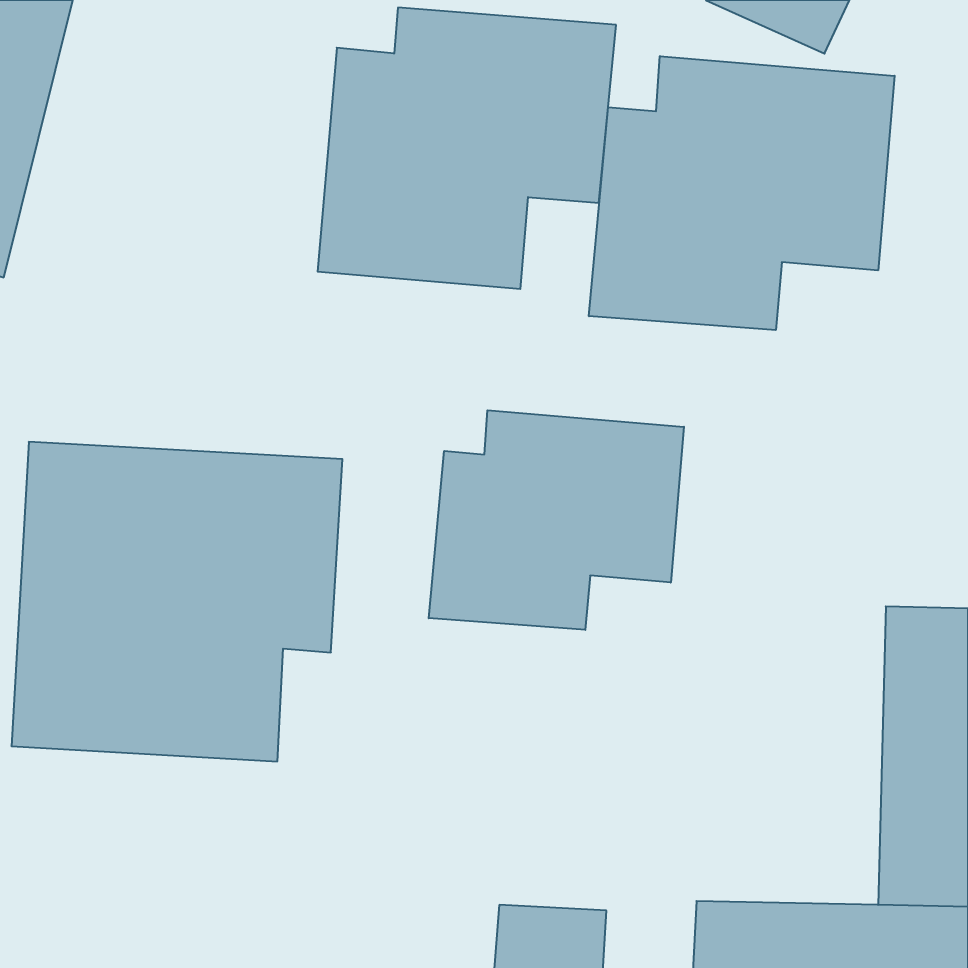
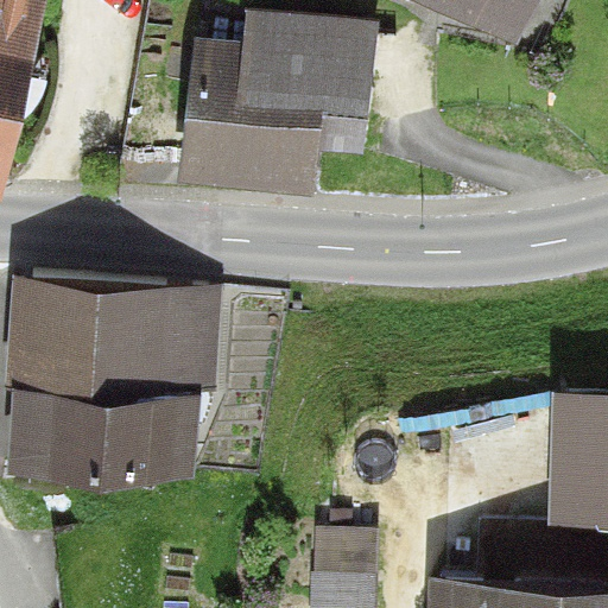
building: [589,56,895,330] -> none
building: [429,410,684,630] -> none

